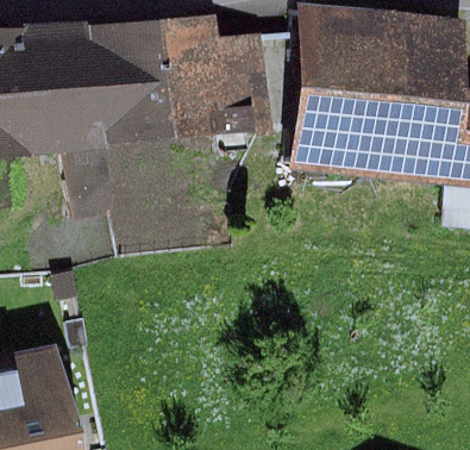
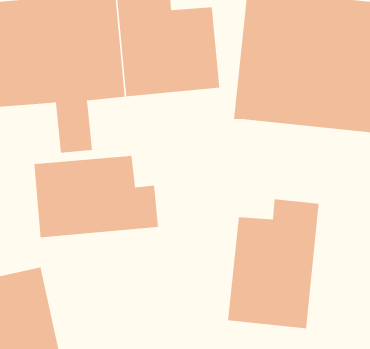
building: none -> [34,155,158,238]
building: none -> [228,199,319,329]

